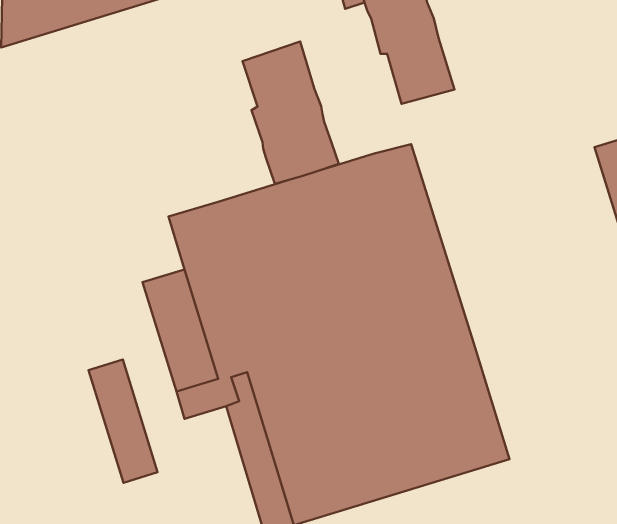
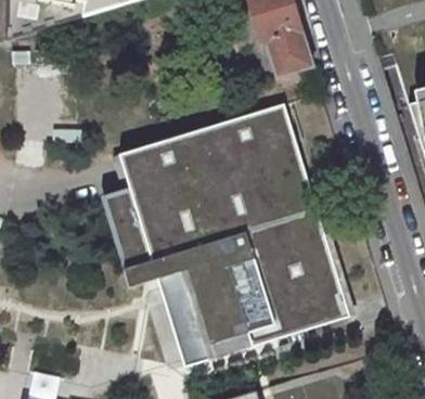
building: [242,42,339,184] -> none
building: [88,359,158,483] -> none

